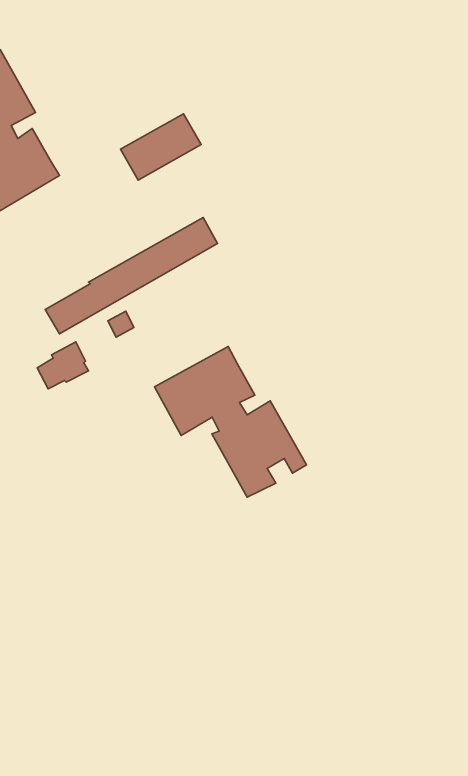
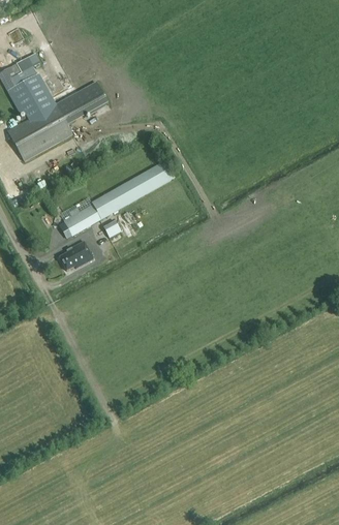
building: [121,114,201,180] -> [55,81,106,123]
building: [155,347,307,497] -> none

